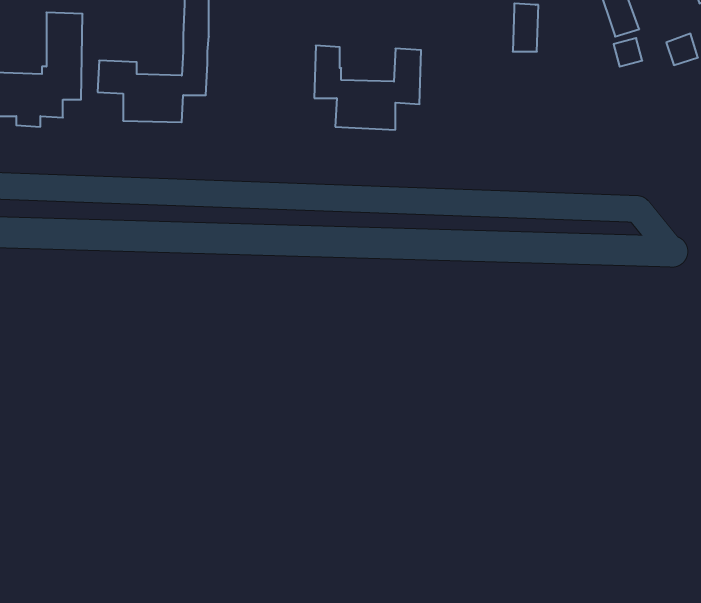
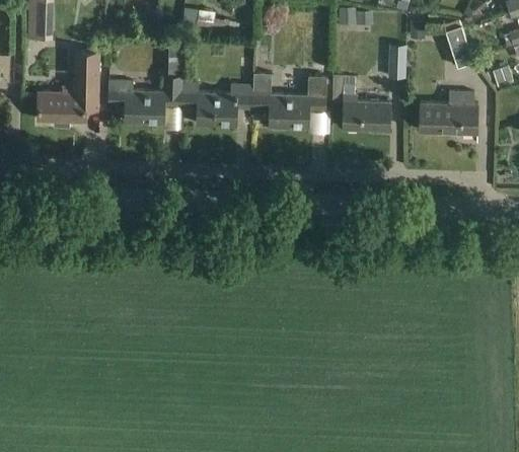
building: none -> [181,72,255,126]
building: none -> [332,85,390,133]
building: none -> [420,92,478,133]

